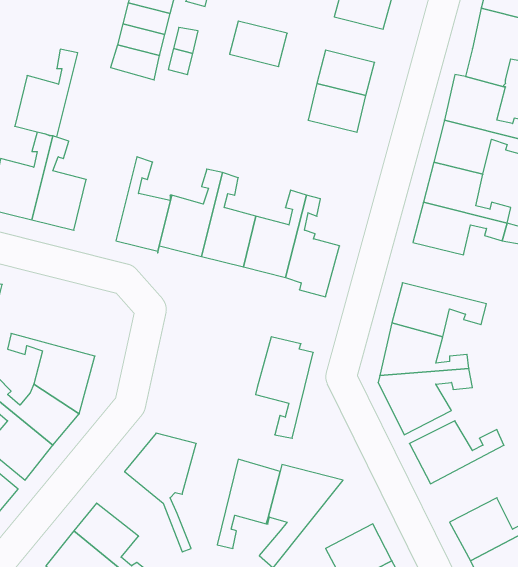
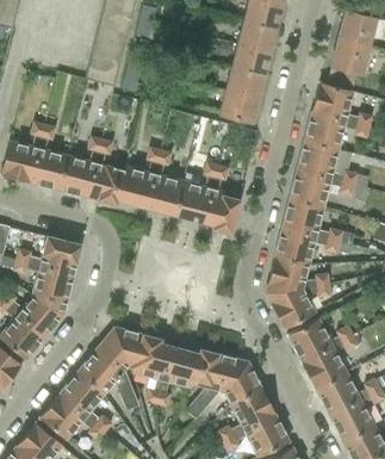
building: [230,21,287,67] -> [231,44,271,75]
building: [15,49,78,137] -> [60,137,103,197]
building: none -> [284,198,343,240]
building: none -> [17,237,81,275]
building: [256,337,313,438] -> [132,335,172,404]
building: none -> [303,336,358,389]
building: none -> [75,354,133,411]
building: none -> [218,360,263,407]

